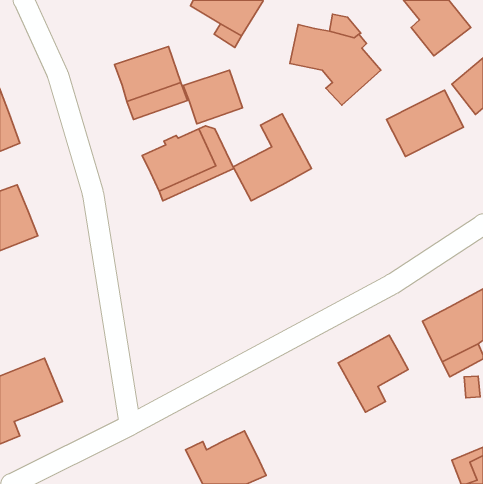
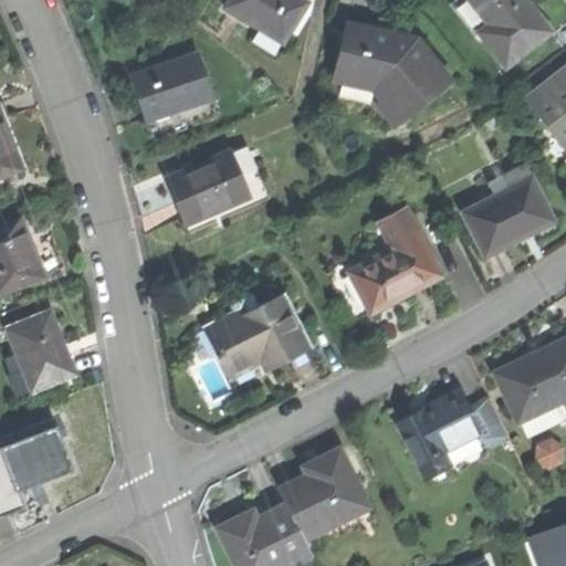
building: [183,70,242,124] -> none
building: [387,90,463,156] -> [461,179,551,256]
building: [233,114,312,201] -> [346,212,438,314]
building: none -> [211,292,314,380]
building: none -> [8,310,74,389]
building: none -> [464,397,506,444]
building: none -> [279,448,368,538]

